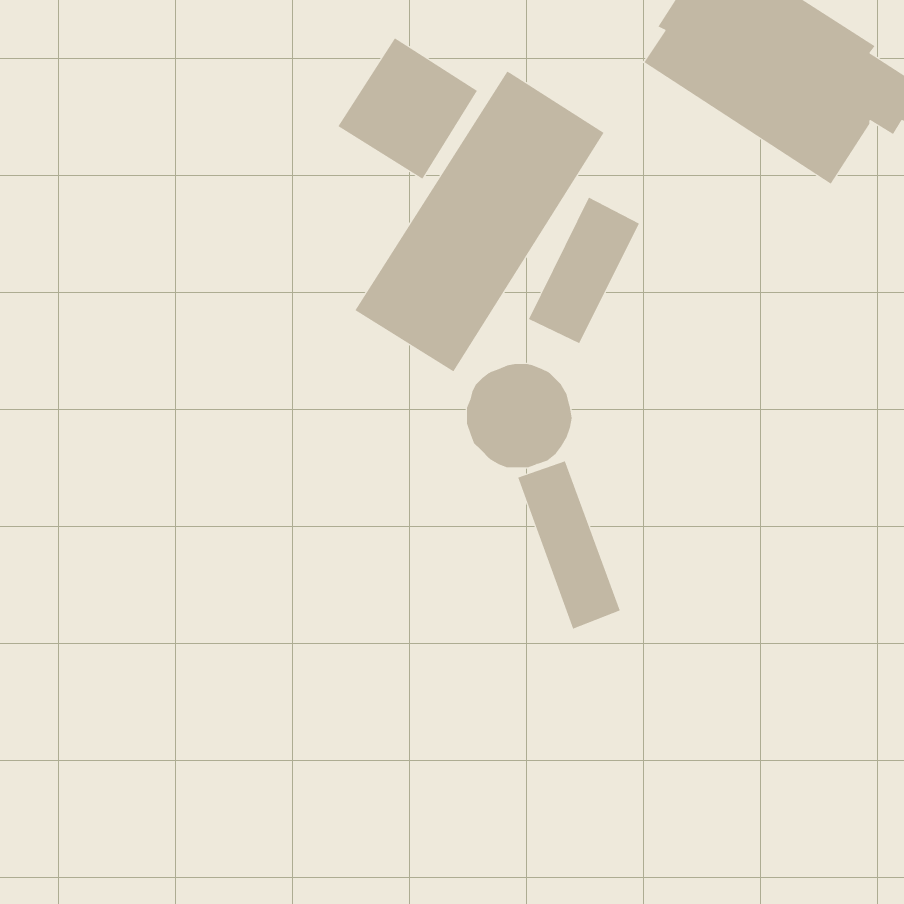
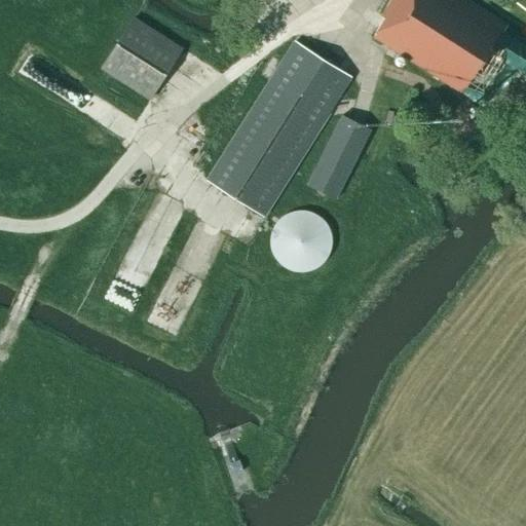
building: [338,38,478,179] -> [102,17,183,100]
building: [518,460,620,629] -> none

